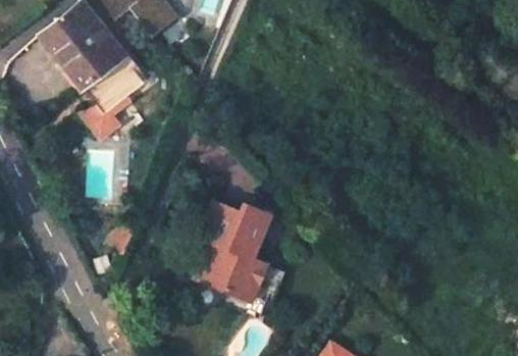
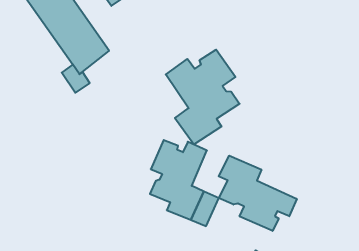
building: none -> [166,50,240,145]
building: none -> [219,156,297,231]

